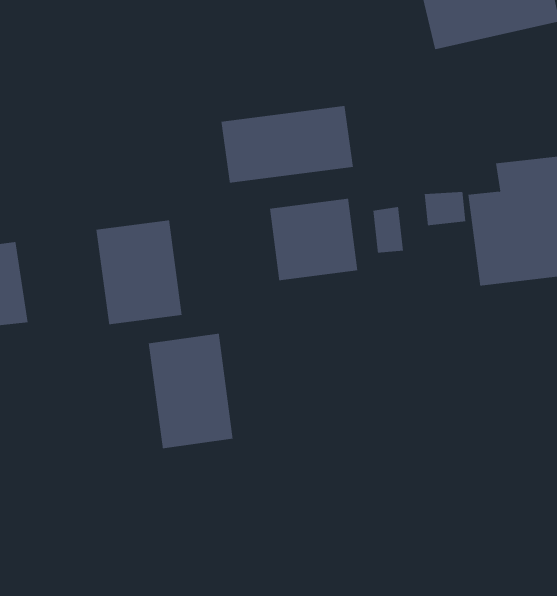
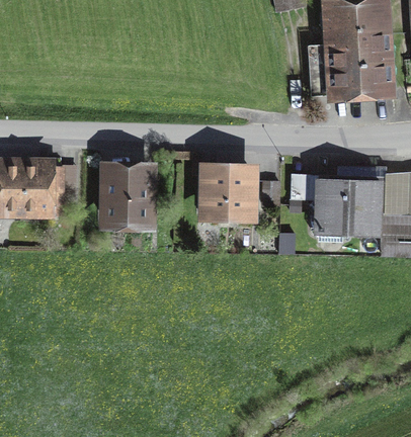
building: [221,105,353,184] -> none
building: [148,333,233,449] -> none

